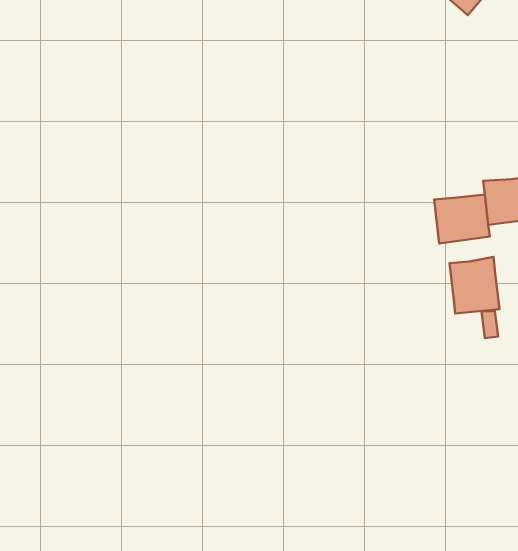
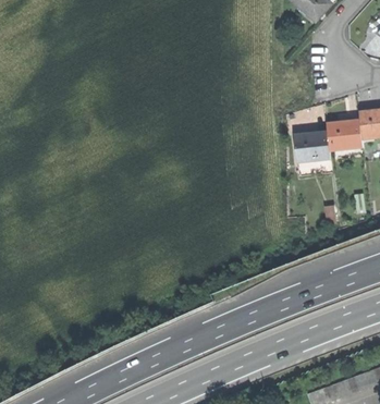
building: [450,257,499,314] -> none

